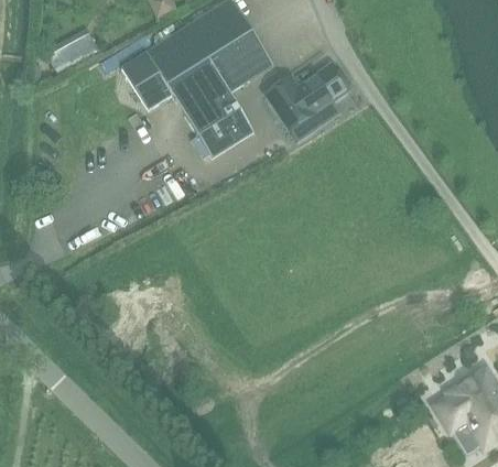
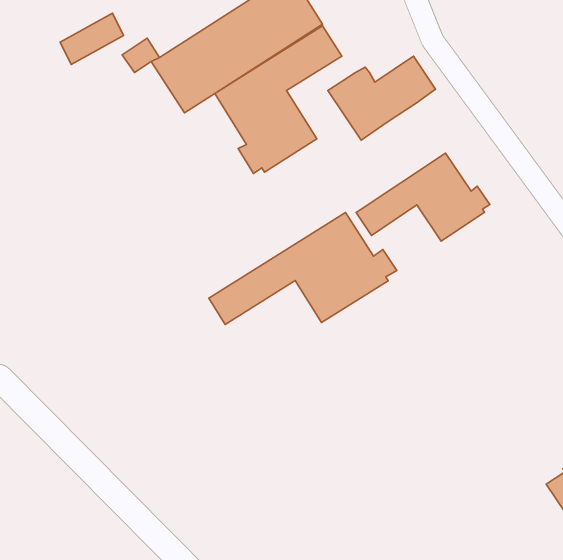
building: none -> [356,153,490,241]
building: none -> [209,212,397,325]

